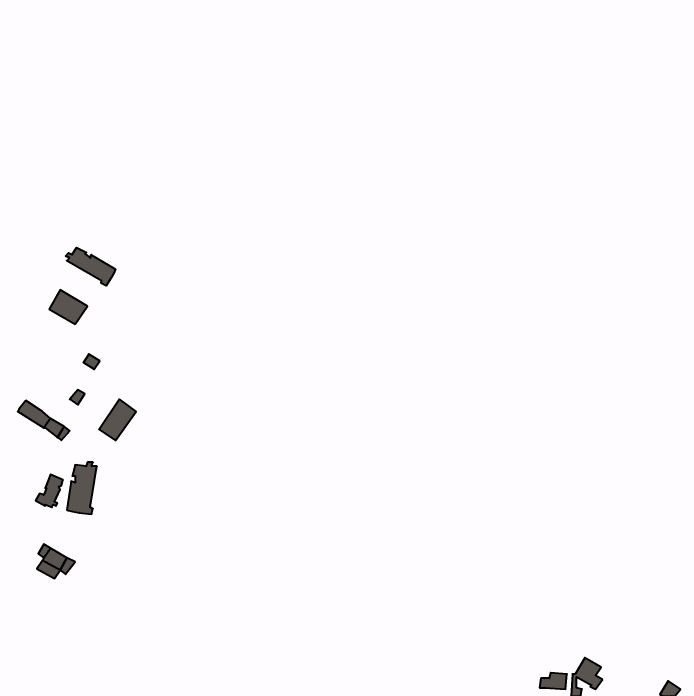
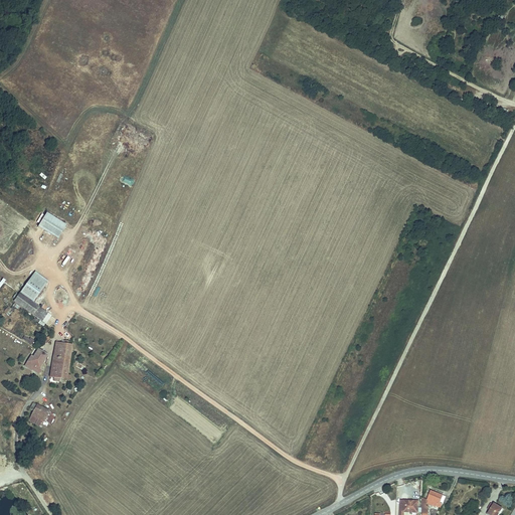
building: [66,248,115,286] -> none
building: [99,399,136,440] -> [19,273,46,303]

